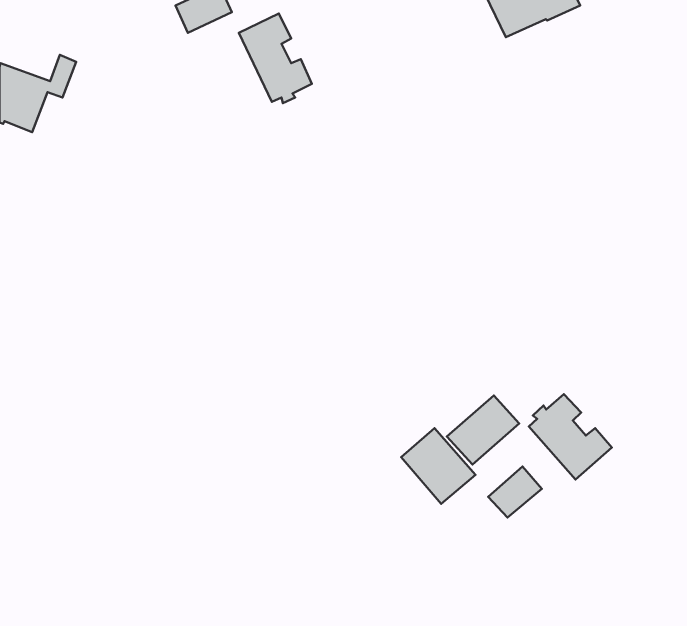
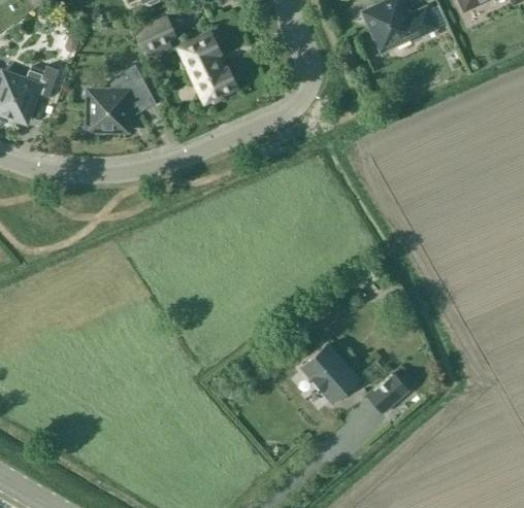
building: none -> [86,66,157,134]
building: [529,394,612,480] -> none
building: [447,395,519,465] -> none

